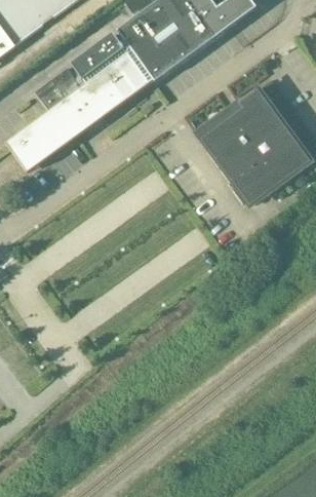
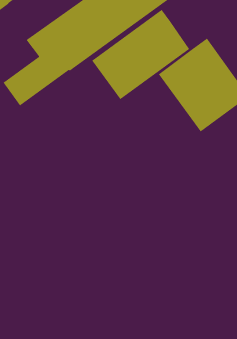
building: none -> [91,9,190,100]

